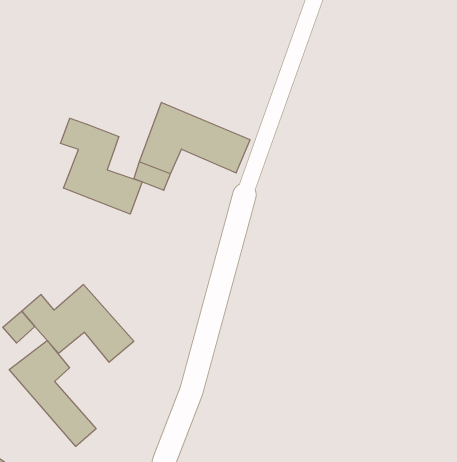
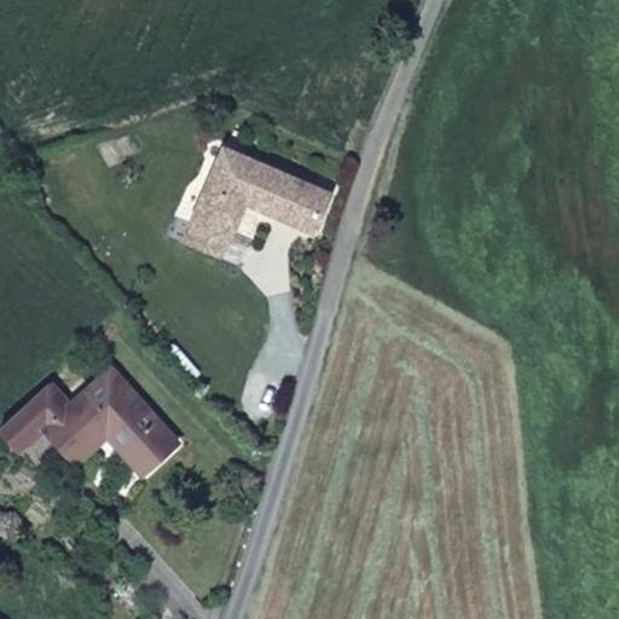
building: [60,118,142,214] -> none
building: [9,341,96,446] -> none

